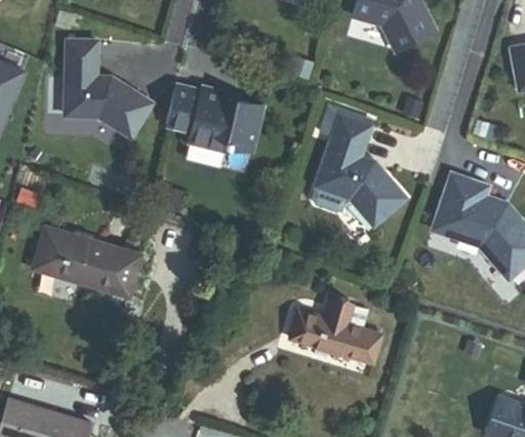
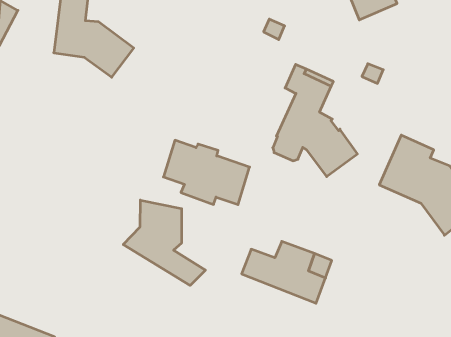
building: [167,84,260,151] -> [163,140,250,205]
building: [33,227,139,296] -> none
building: none -> [123,200,205,285]

